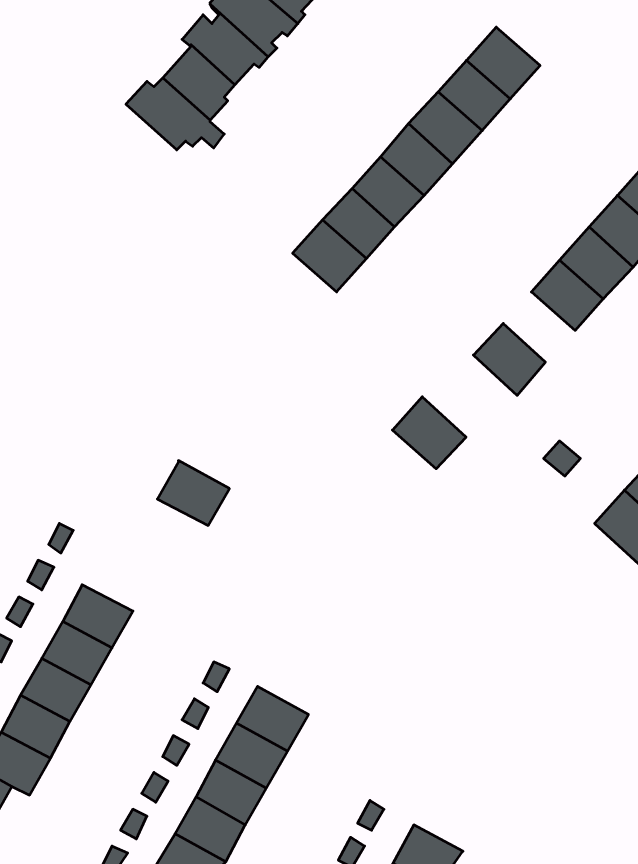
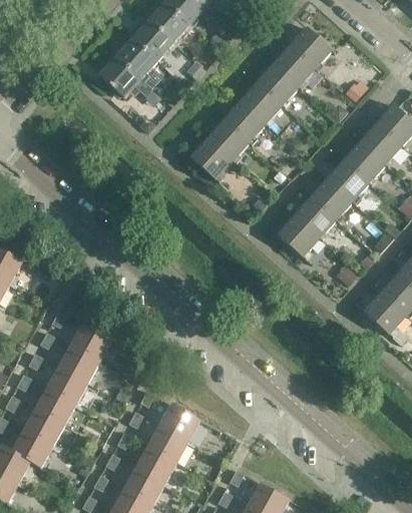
building: none -> [311,178,352,218]
building: [392,397,466,469] -> [277,214,319,255]
building: [157,461,229,525] -> [70,324,111,361]

